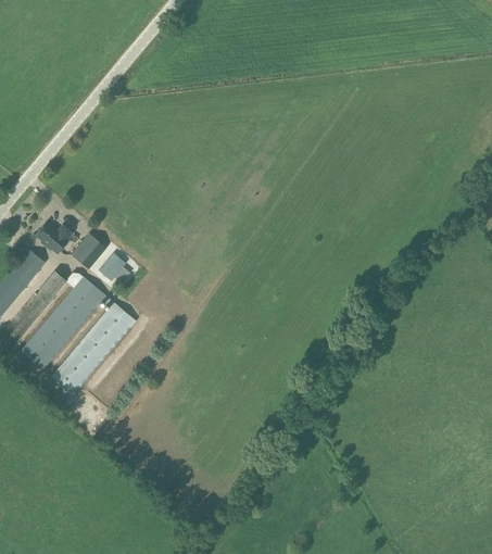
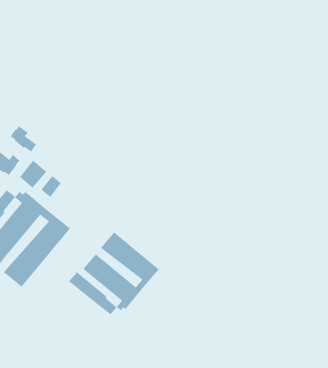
building: none -> [10,126,37,152]
building: none -> [68,232,160,315]

